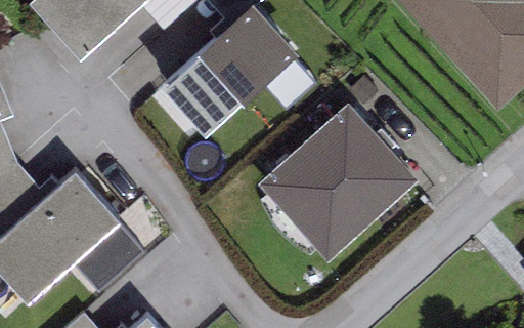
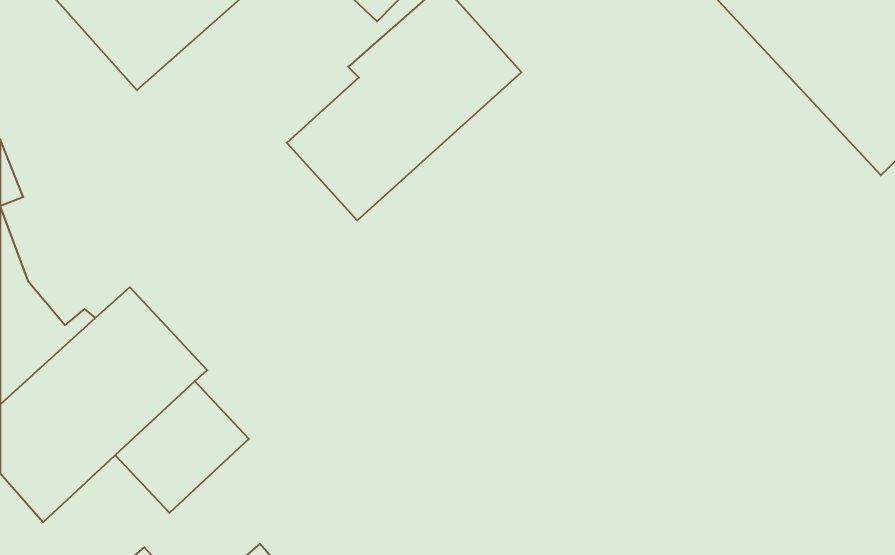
building: [259,105,417,261] -> none

